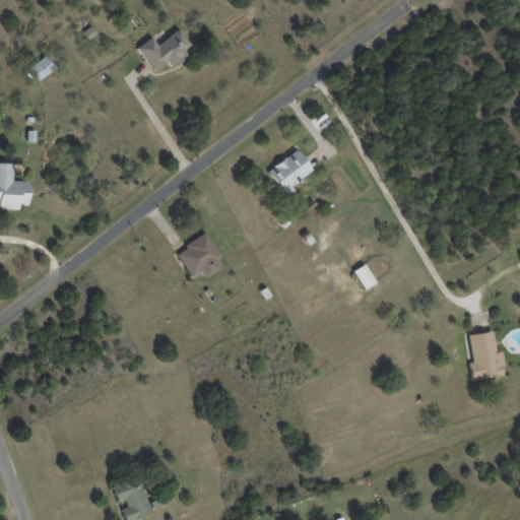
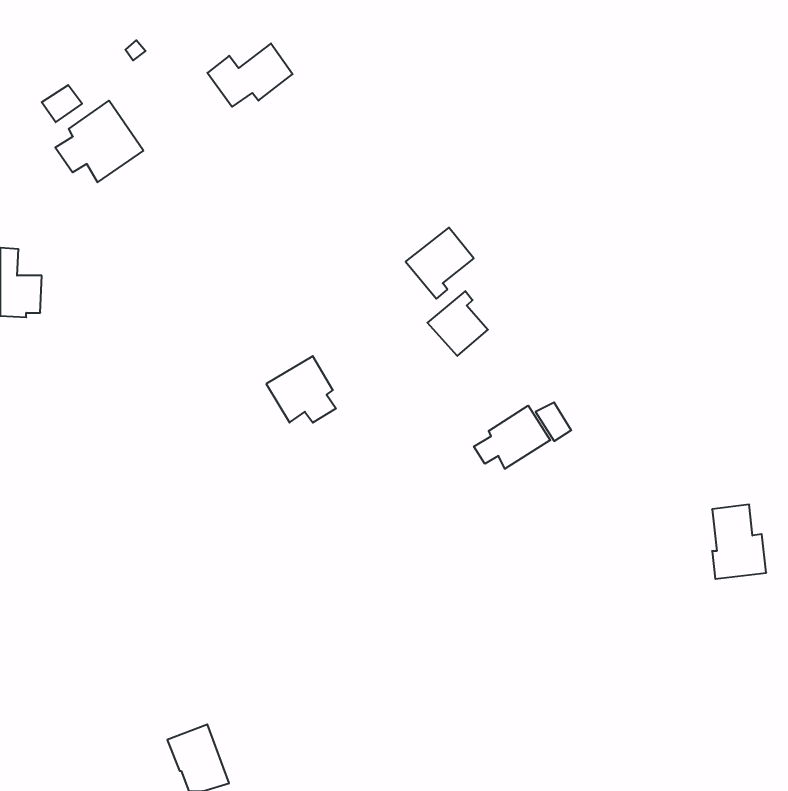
building: none -> [55,101,143,182]
building: none -> [427,291,488,356]
building: none -> [474,406,550,469]

